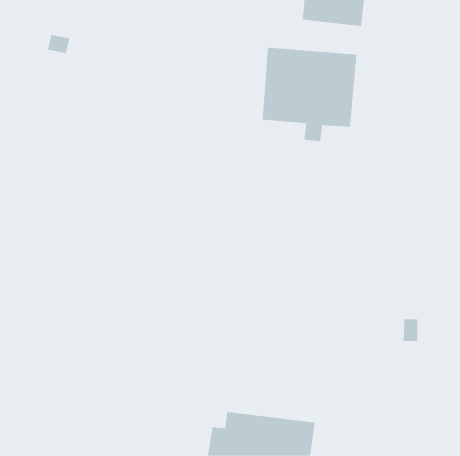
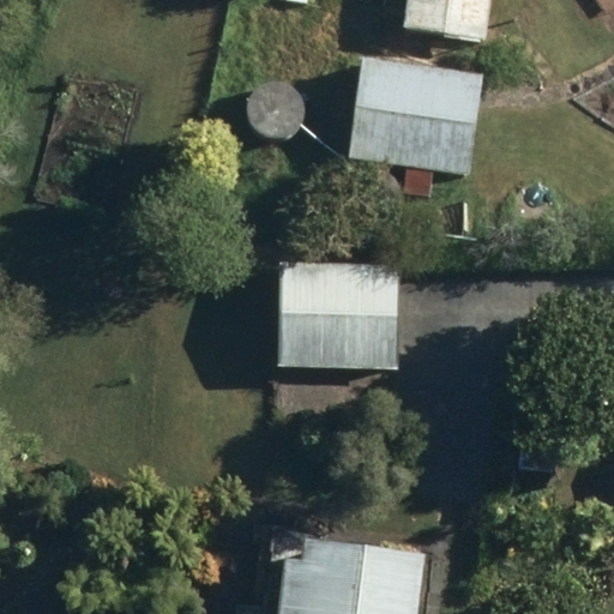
building: none -> [277,267,401,368]

